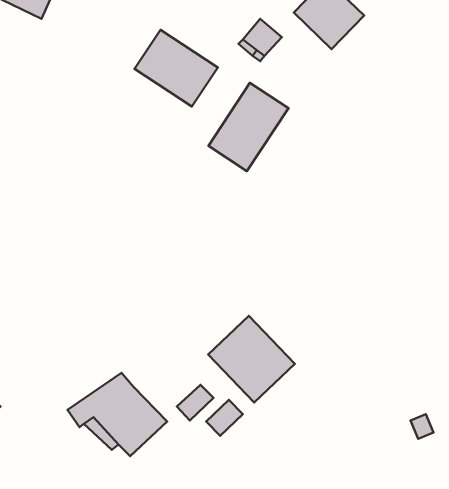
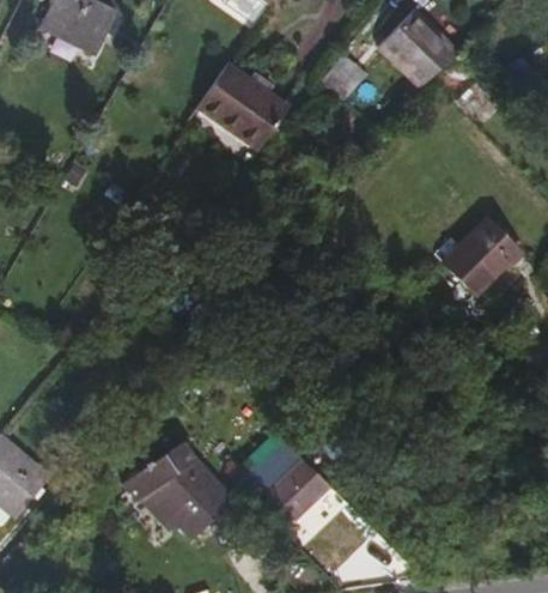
building: [208,83,288,171] -> none
building: none -> [442,220,518,295]
building: [208,316,295,402] -> none

